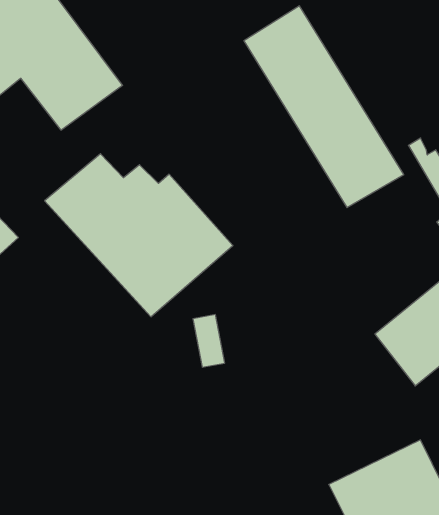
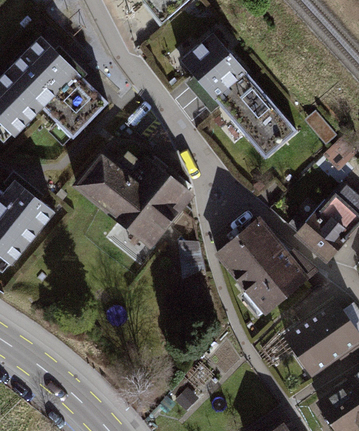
building: none -> [214,217,319,315]

